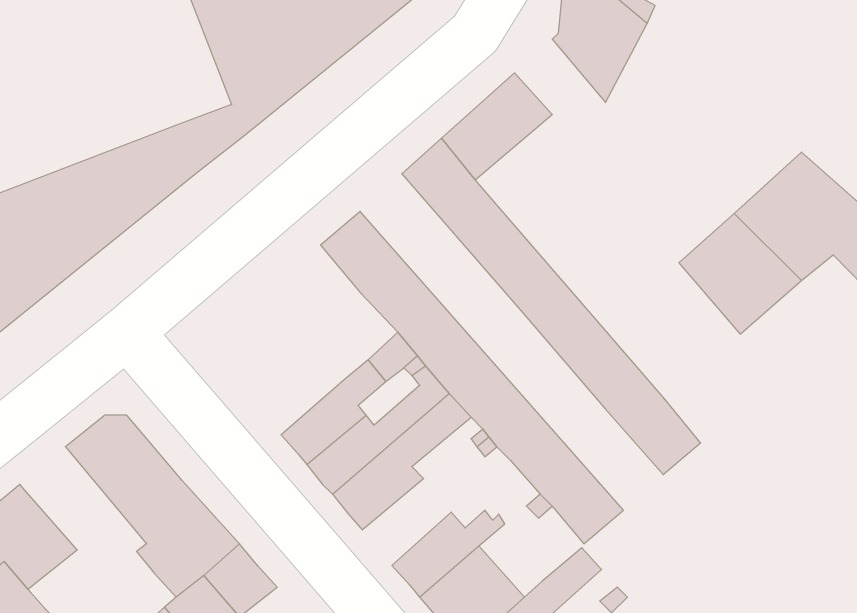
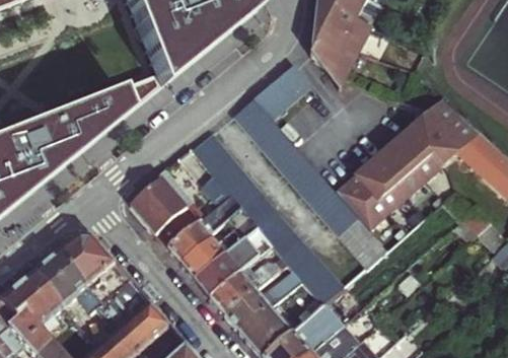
building: none -> [337,157,407,227]
building: none -> [134,174,204,245]
building: none -> [38,252,102,310]
building: none -> [213,261,274,312]

